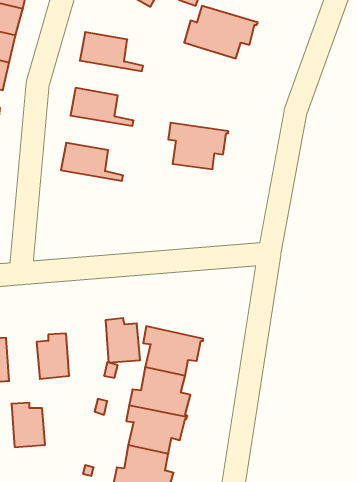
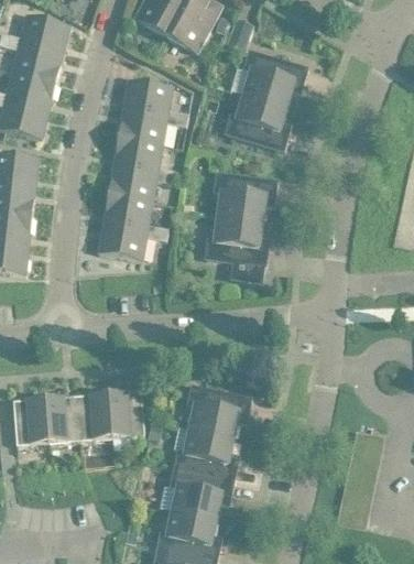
building: none -> [226,94,290,150]
building: none -> [118,108,187,144]
building: none -> [108,165,177,202]
building: none -> [206,216,268,283]
building: none -> [98,223,166,260]
building: [105,318,140,362] -> [108,391,144,437]
building: [11,403,45,447] -> [45,397,80,443]

